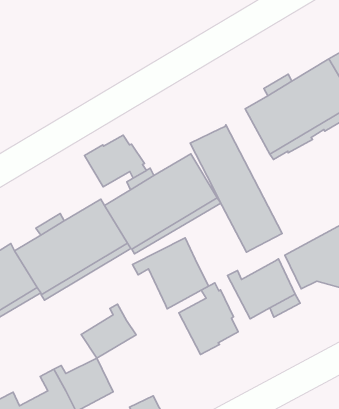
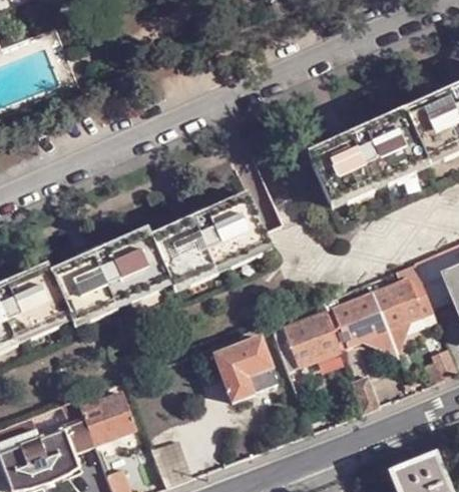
building: [190,125,282,252] -> none
building: [84,135,146,187] -> none
building: [133,238,208,309] -> none
building: [81,304,136,358] -> none

